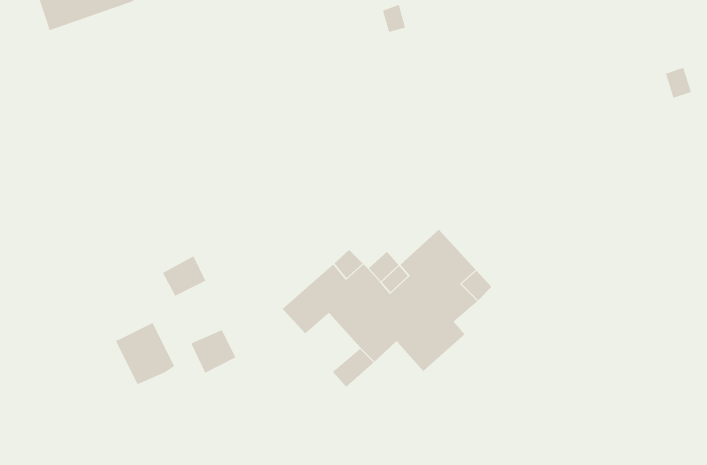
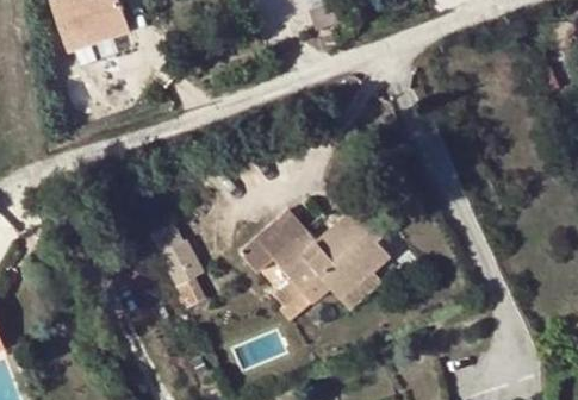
building: [115,322,175,385] -> [159,239,204,287]

